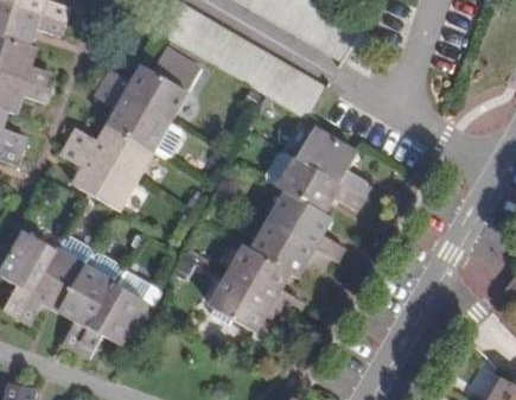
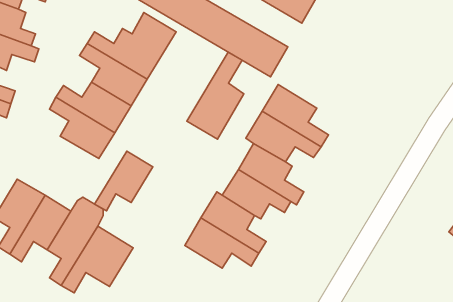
building: none -> [187,52,244,139]
building: none -> [95,151,153,211]

